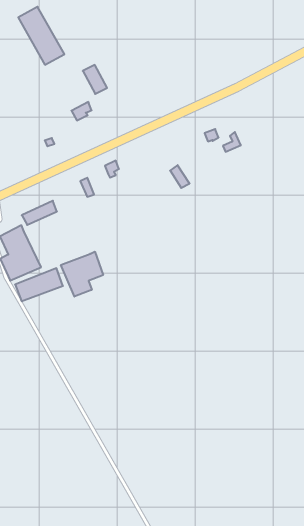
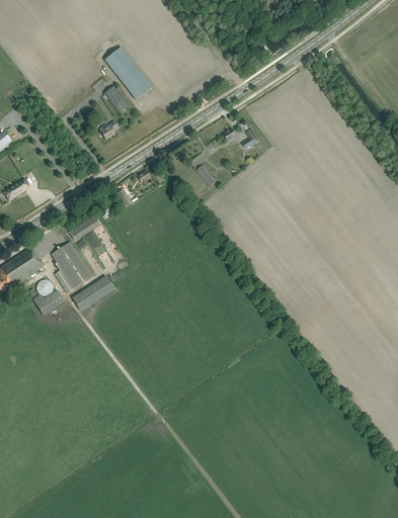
building: [18,7,64,65] -> [105,48,152,99]
building: [61,252,103,297] -> none

